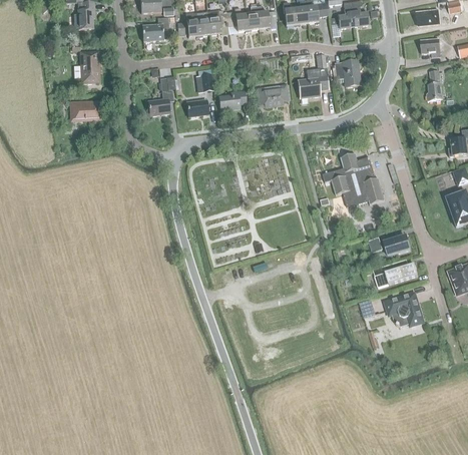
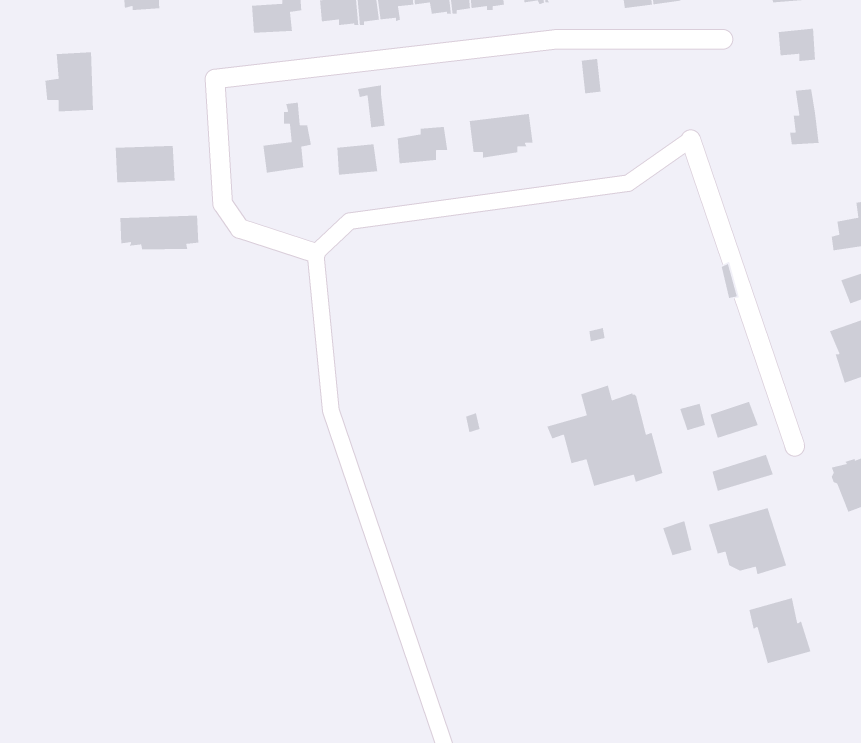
building: [73,51,99,83] -> [45,52,94,112]
building: [334,59,360,86] -> none
building: [297,74,328,98] -> none
building: none -> [120,215,199,250]
building: [322,152,384,206] -> [546,384,664,487]
building: none -> [749,597,811,664]

